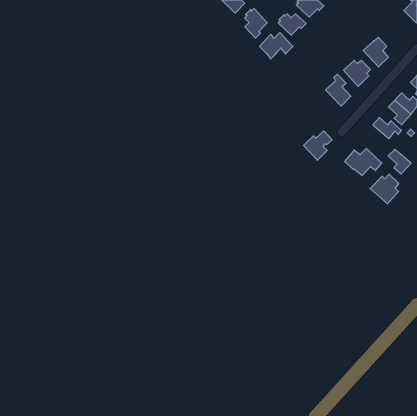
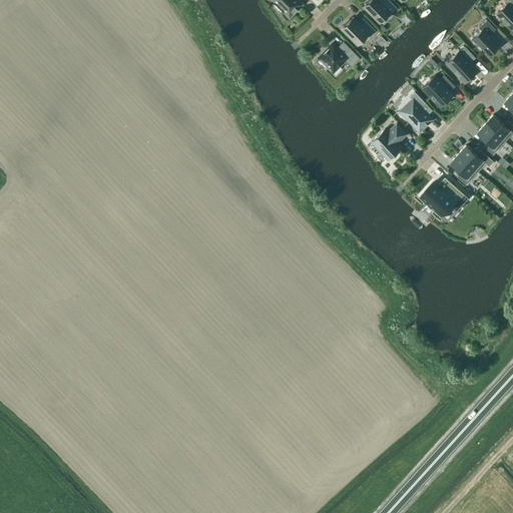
building: [245,9,267,38] -> none
building: none -> [471,20,499,56]
building: [304,131,332,160] -> [372,123,407,159]
building: [388,149,411,174] -> [450,154,478,184]
building: [370,174,399,204] -> none

